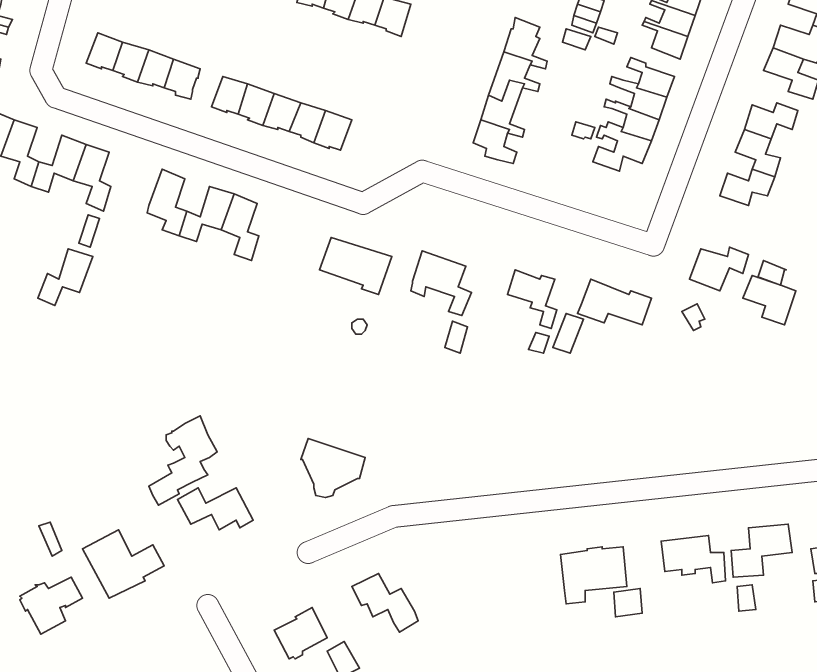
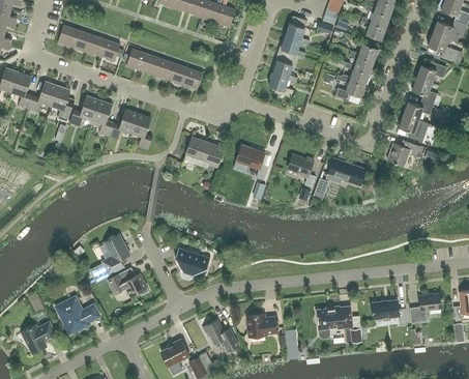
building: [38,249,93,306] -> [69,95,99,126]
building: [743,276,796,325] -> [399,114,428,141]
building: none -> [246,314,279,337]

